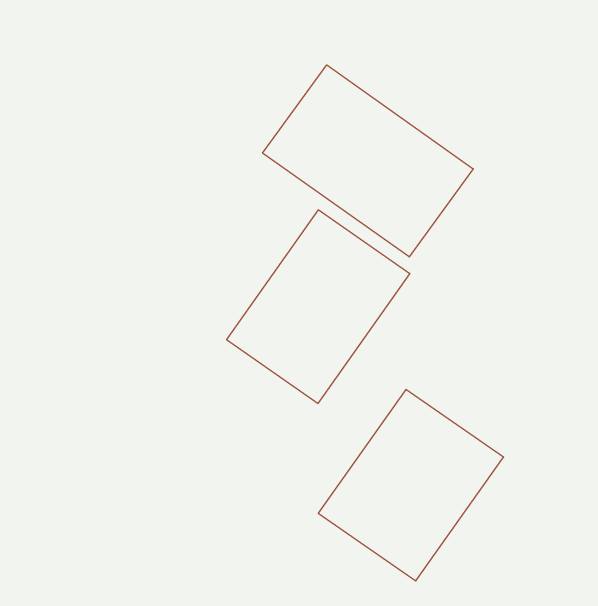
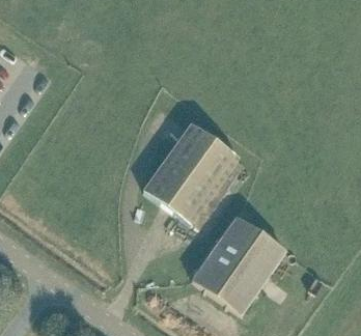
building: [263,65,473,257] -> none

